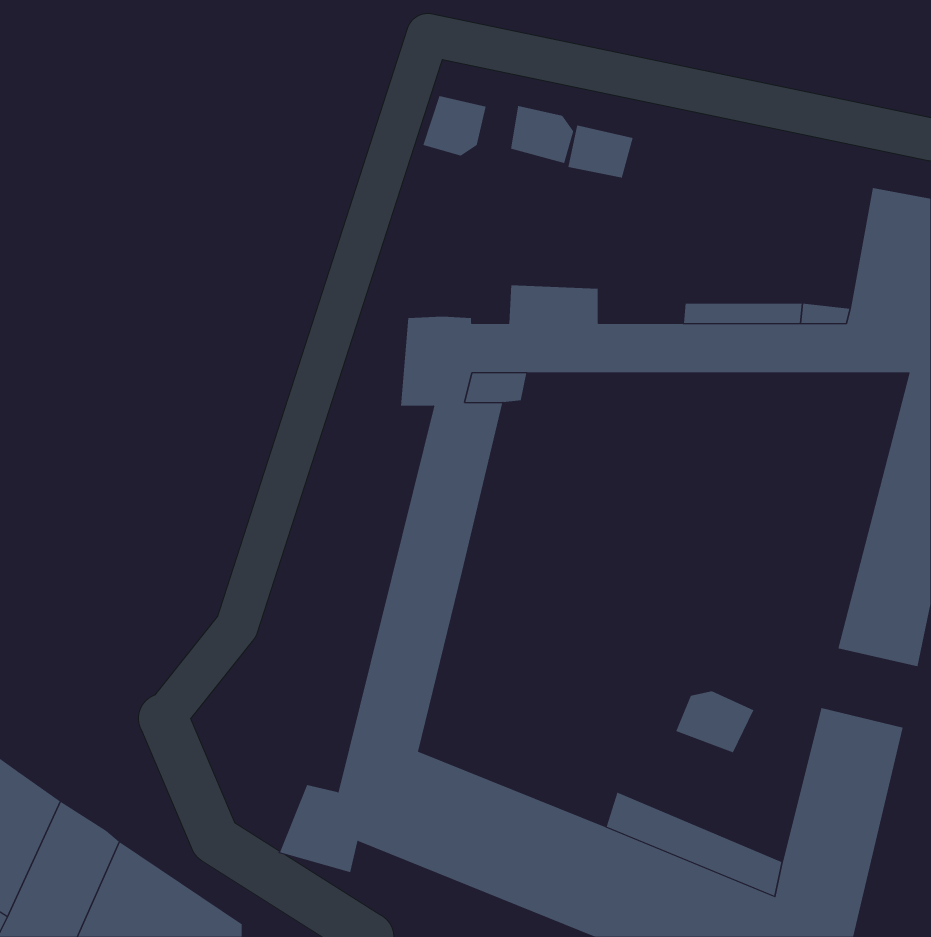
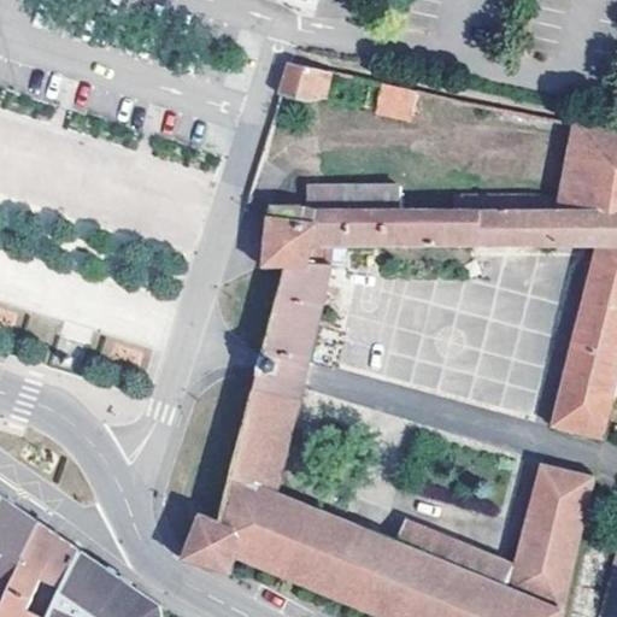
building: [511,105,574,164] -> none
building: [675,690,754,753] -> none

